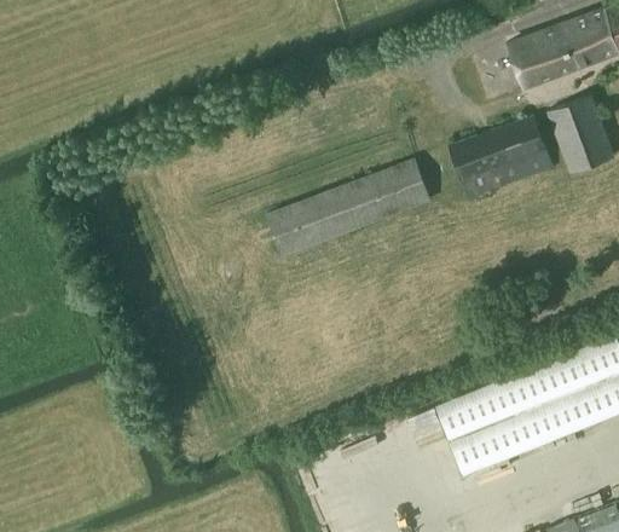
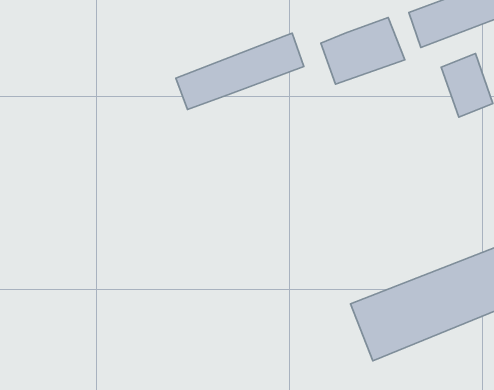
building: [450,116,554,198] -> [321,18,405,84]
building: [268,160,427,254] -> [176,33,304,110]

